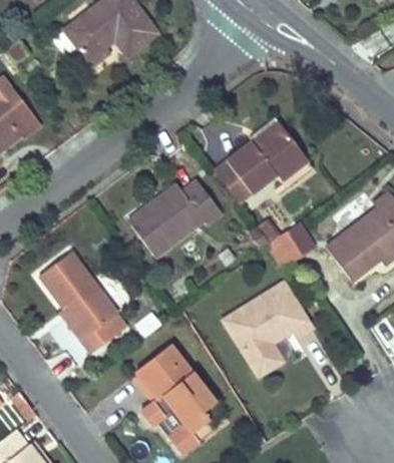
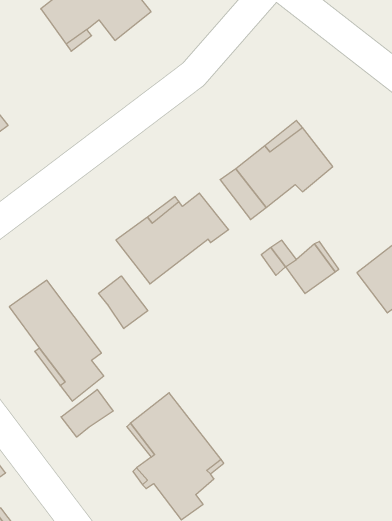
building: none -> [99,276,148,329]
building: [223,283,313,376] -> none
building: none -> [61,389,113,437]

